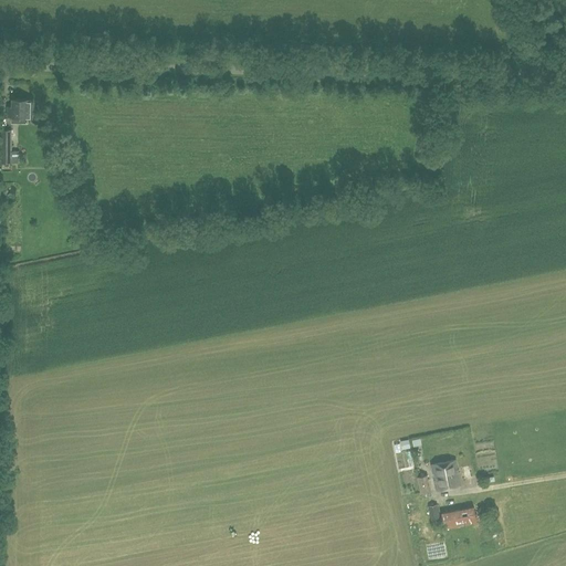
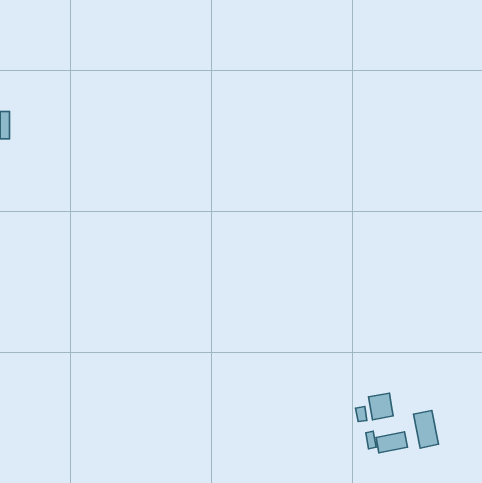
building: [7,97,33,123] -> none
building: none -> [413,410,439,448]

